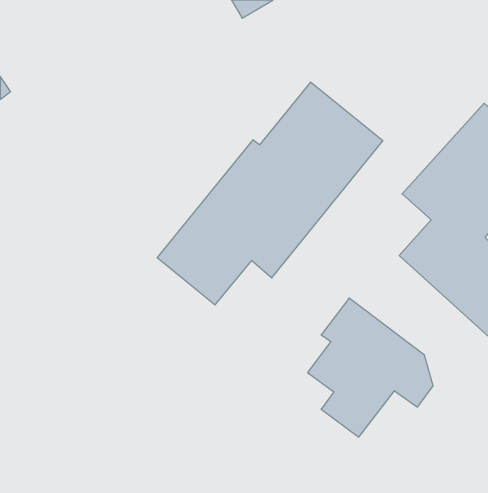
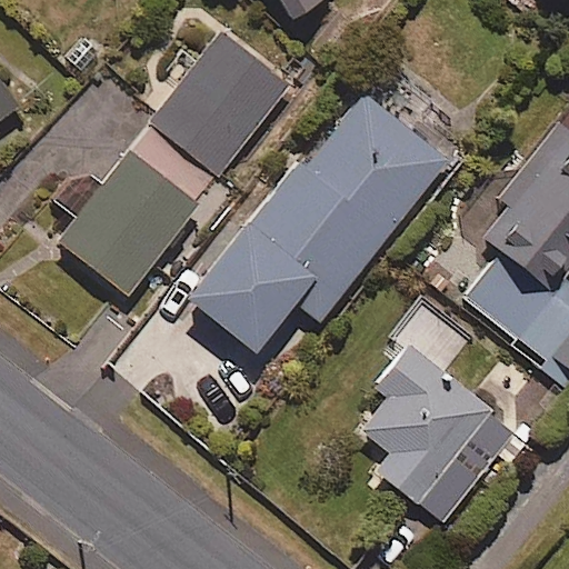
building: none -> [151,31,291,174]
building: none -> [58,124,240,295]

